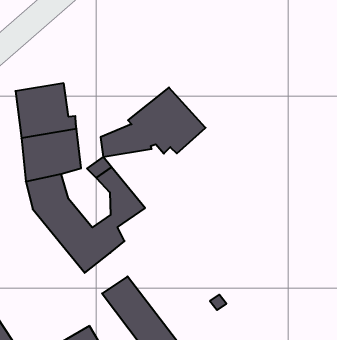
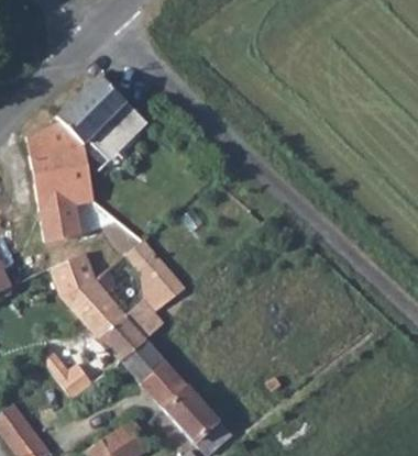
building: [101,87,206,157] -> [26,79,144,162]
building: none -> [111,337,169,383]
building: none -> [45,349,92,396]

